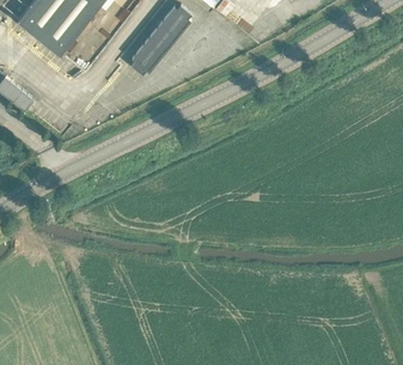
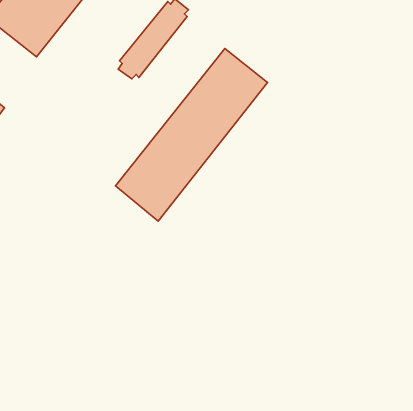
building: none -> [115,48,268,221]

